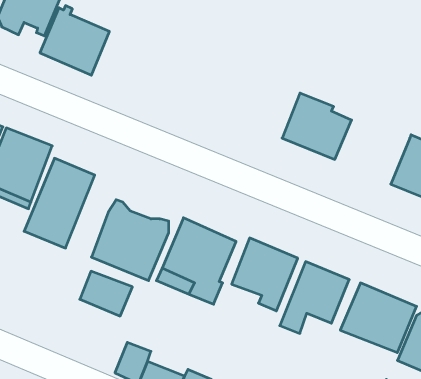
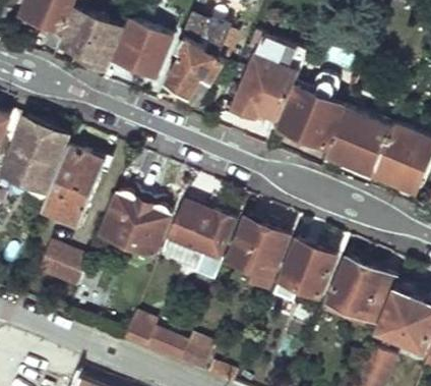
building: none -> [161,12,229,100]
building: none -> [112,19,170,77]
building: none -> [230,38,296,127]
building: none -> [322,108,390,176]
building: [80,271,132,316] -> [39,247,86,288]

